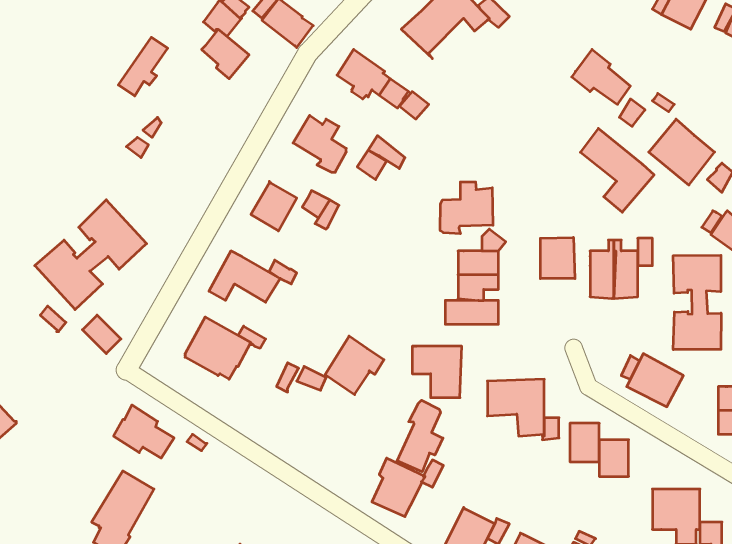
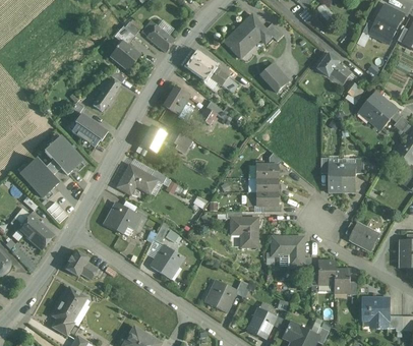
building: [118,37,168,96] -> [93,78,120,111]
building: none -> [260,62,290,93]
building: [580,128,654,212] -> none
building: none -> [71,113,108,147]
building: [440,182,493,234] -> none
building: [540,237,575,279] -> none
building: [673,255,721,350] -> none
building: [325,336,384,395] -> [151,245,183,278]
building: none -> [10,214,54,249]
building: [397,400,443,472] -> none

